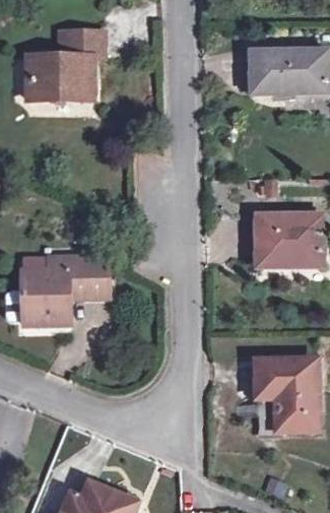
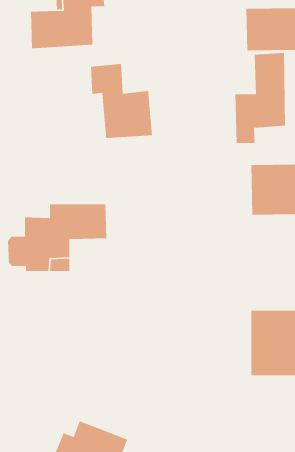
building: none -> [235,52,286,144]
building: none -> [90,63,153,139]

